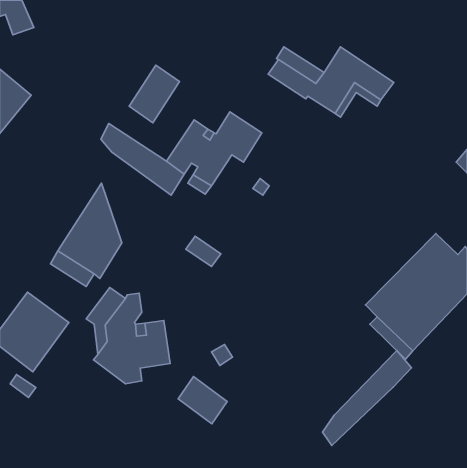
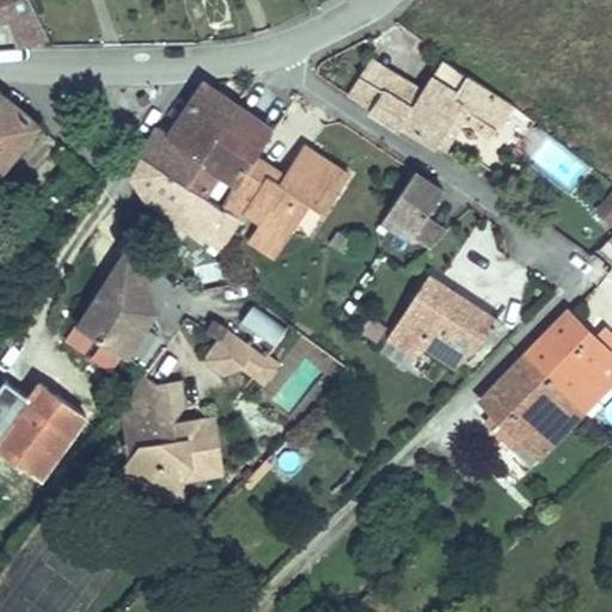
building: none -> [142,106,270,210]
building: none -> [387,172,448,251]
building: none -> [387,279,501,372]
building: none -> [202,322,281,387]
building: [323,351,411,445] -> none
building: [178,377,227,424] -> none

